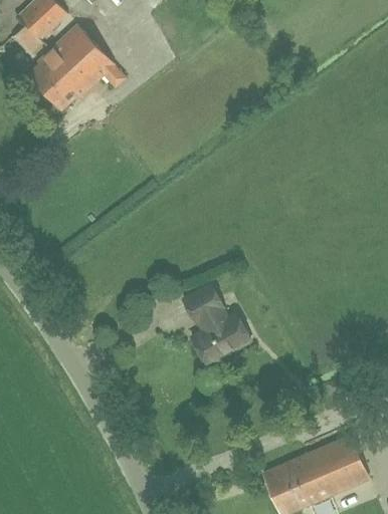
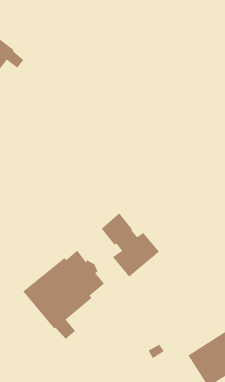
building: none -> [23,250,105,340]

